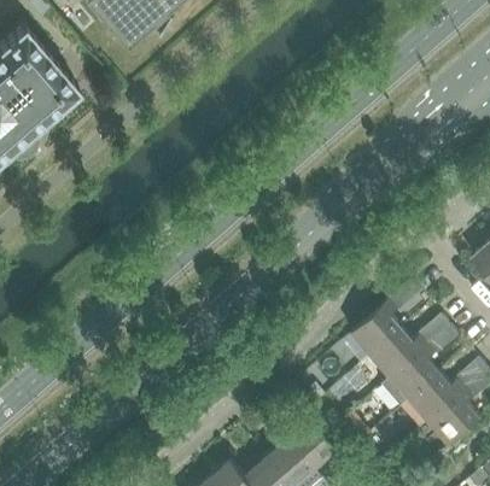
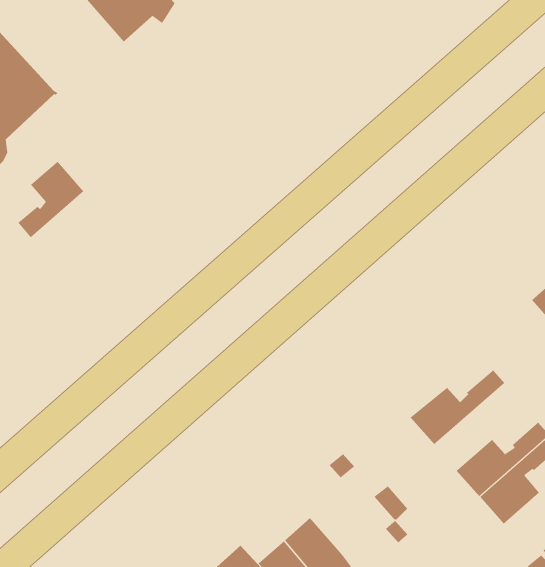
building: none -> [17,161,84,238]
building: [350,281,420,356] -> none
building: [380,327,457,408] -> none
building: [286,420,337,470] -> none

